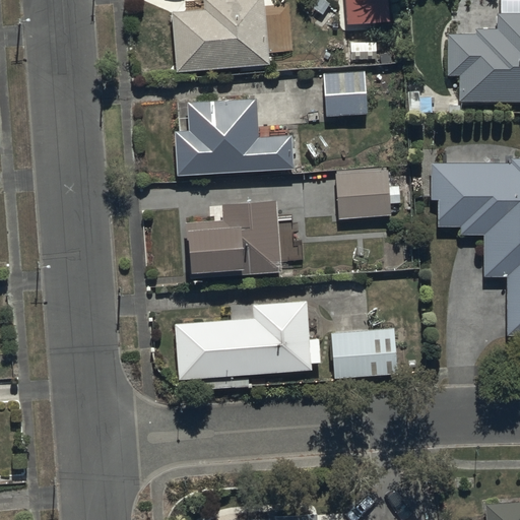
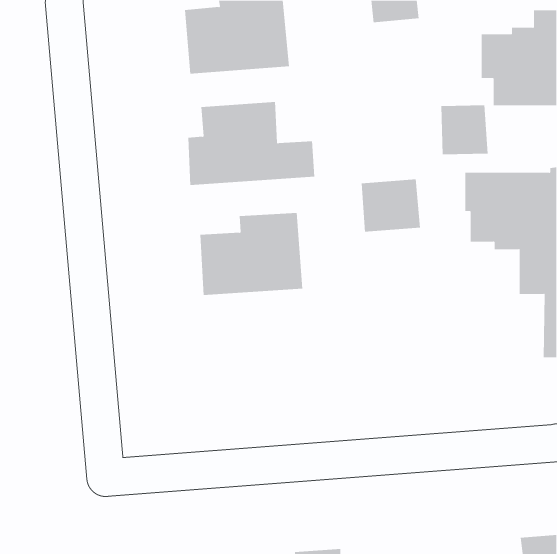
building: [323,77,368,124] -> [441,105,489,155]
building: [175,301,313,380] -> none
building: [331,329,398,379] -> none

